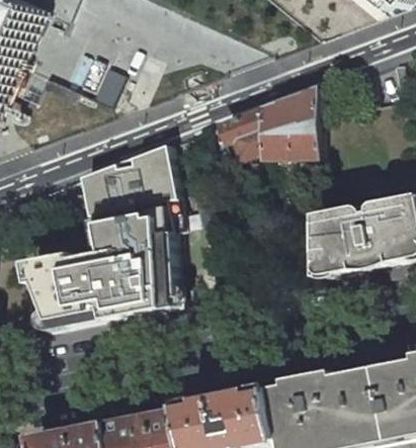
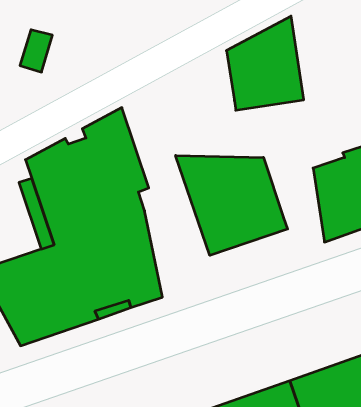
building: [217,108,257,158] -> none
building: none -> [176,155,288,255]

